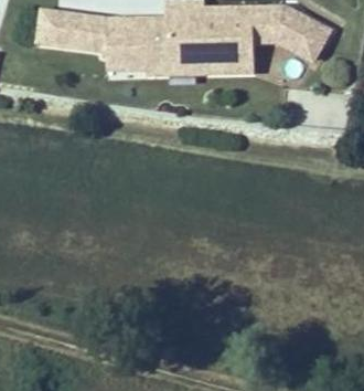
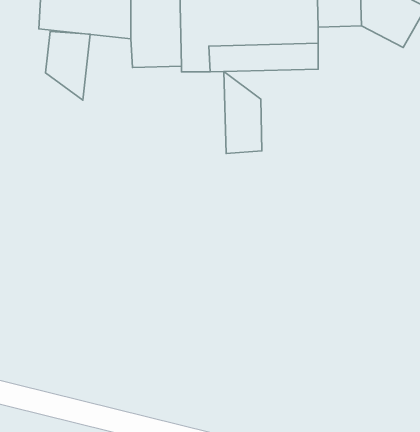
building: none -> [46,32,90,100]
building: none -> [224,72,262,154]

